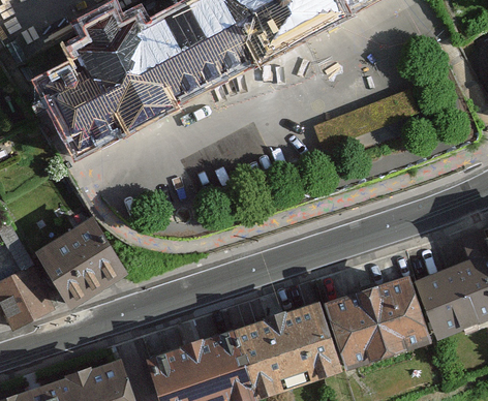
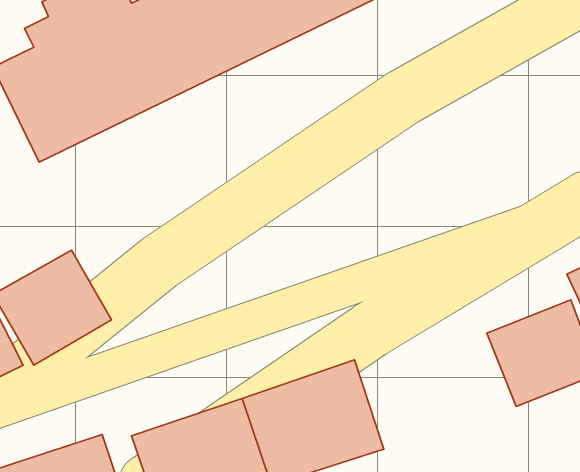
building: [322,276,427,370] -> none

